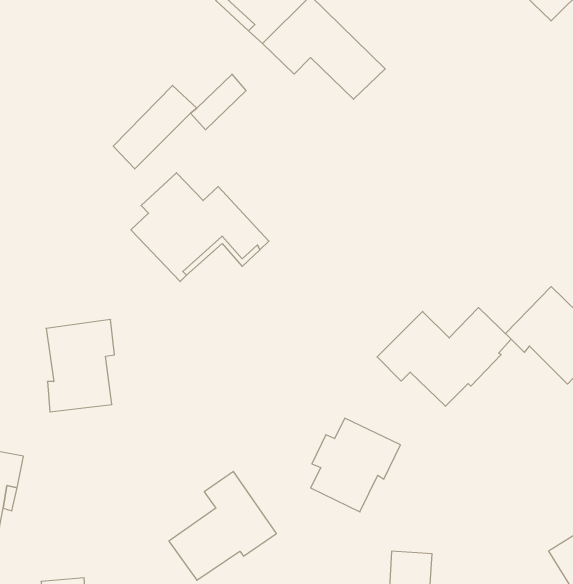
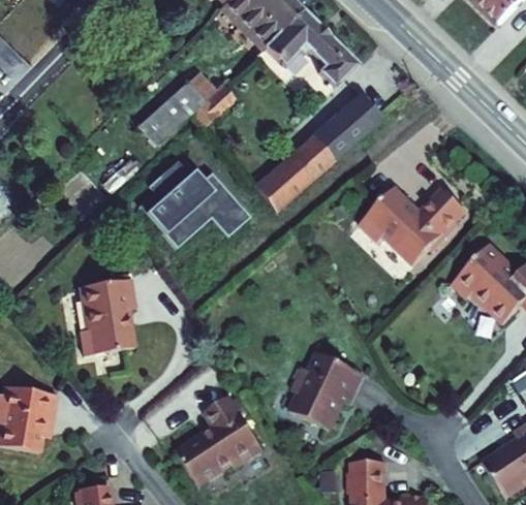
building: none -> [267,91,388,204]
building: [377,308,511,406] -> [357,185,466,265]

